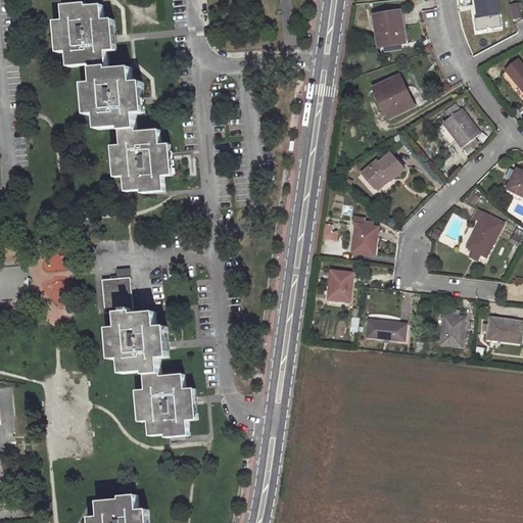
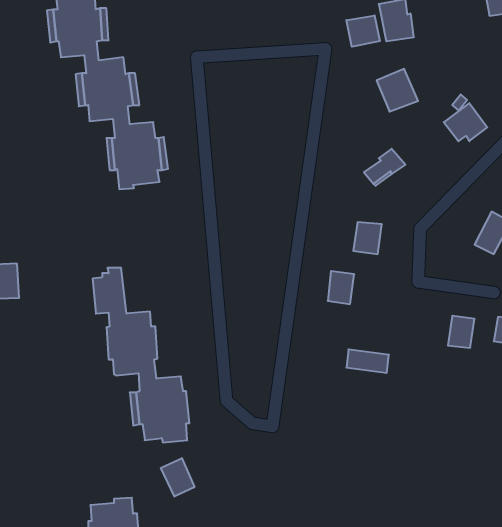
building: none -> [346,15,380,47]
building: [366,321,407,343] -> [346,349,389,373]
building: none -> [161,458,194,497]

